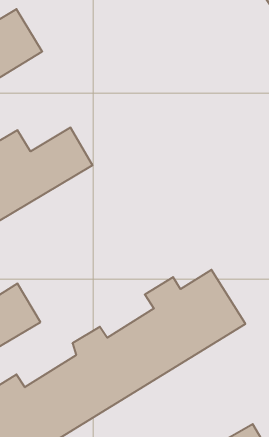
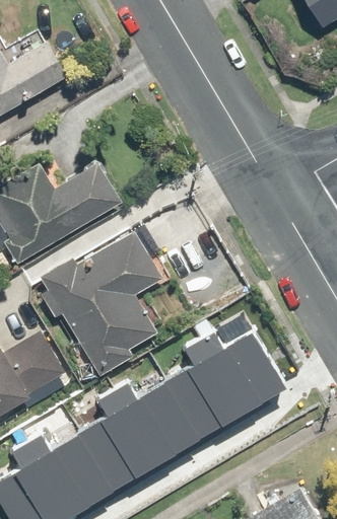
building: none -> [40,229,163,378]

